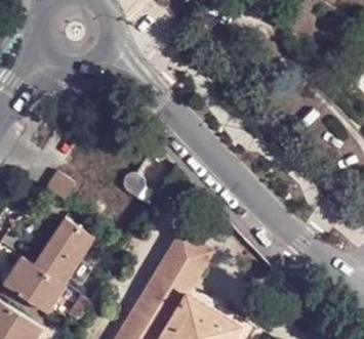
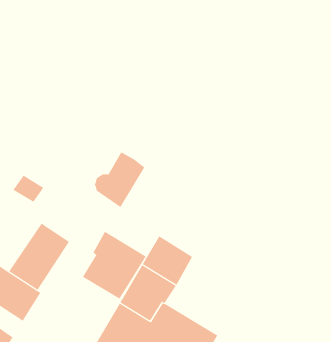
building: none -> [82,231,147,299]

